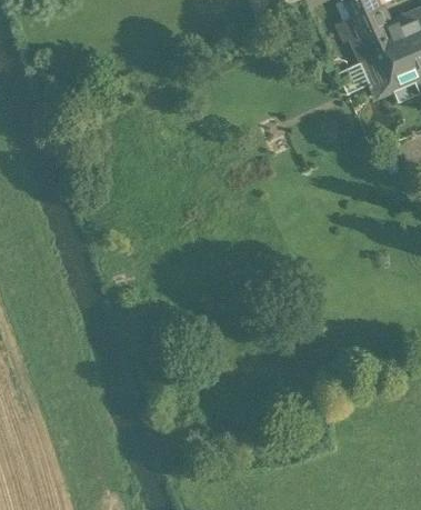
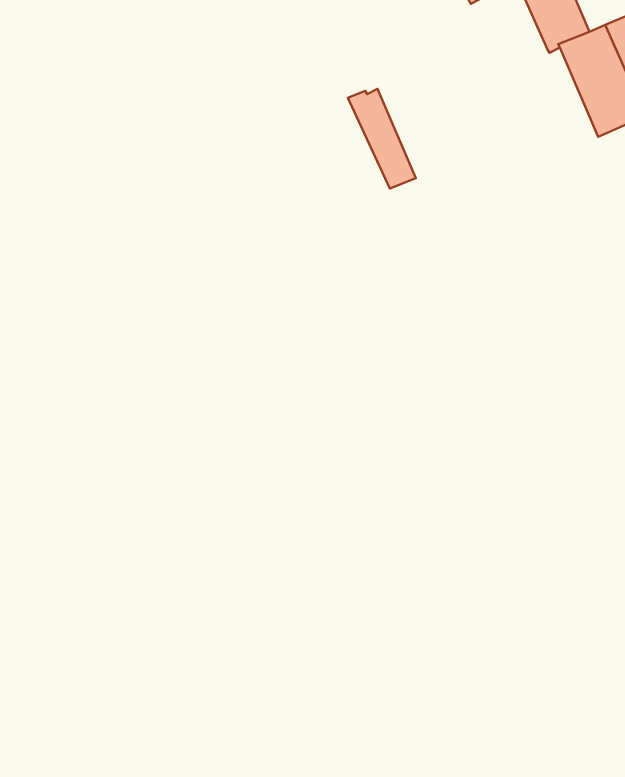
building: [349,33,392,97] -> [348,89,416,189]

